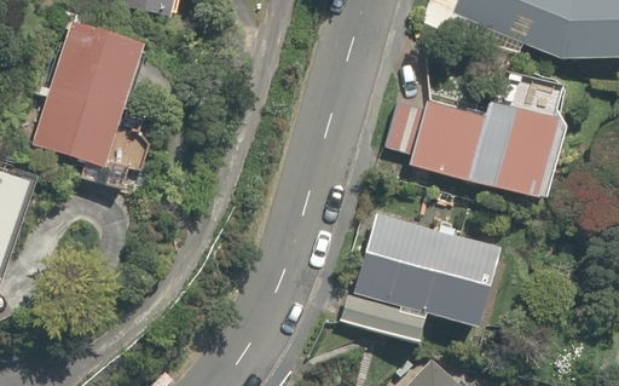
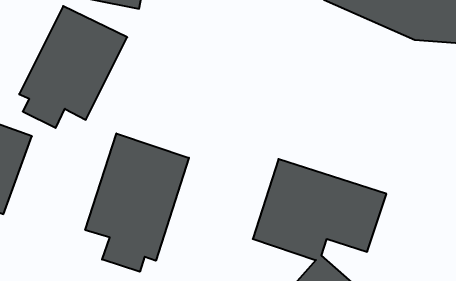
building: [377,88,574,211] -> none
building: none -> [85,133,189,272]

